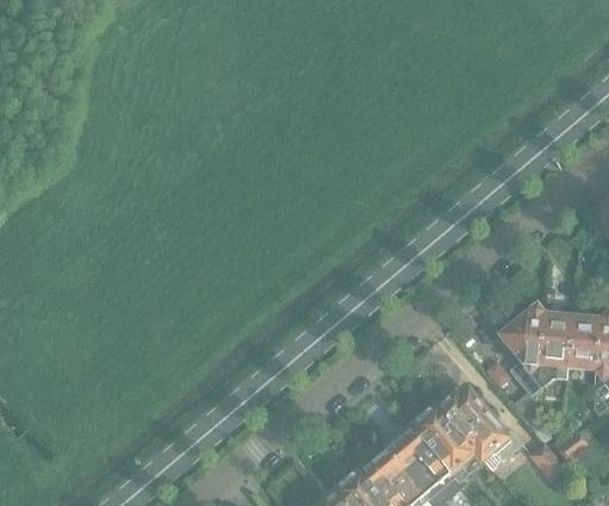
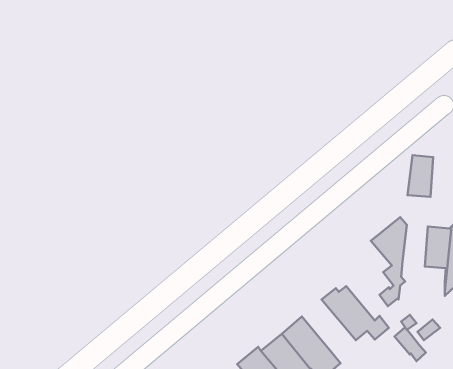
building: [539,313,571,366] -> [408,155,433,197]
building: [408,402,480,487] -> none

